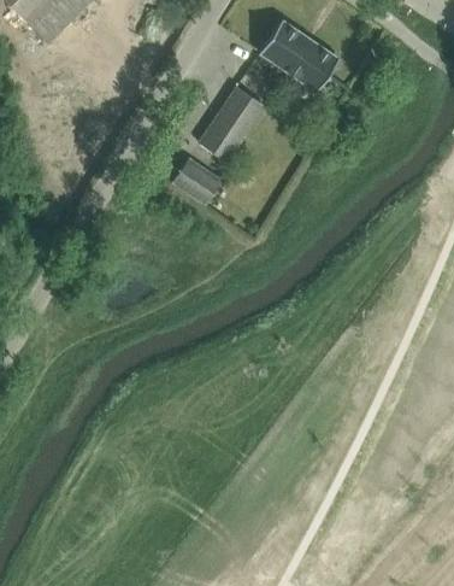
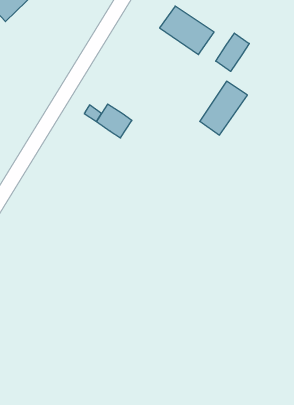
building: none -> [216,33,249,71]
building: [200,86,266,160] -> [200,81,247,135]

